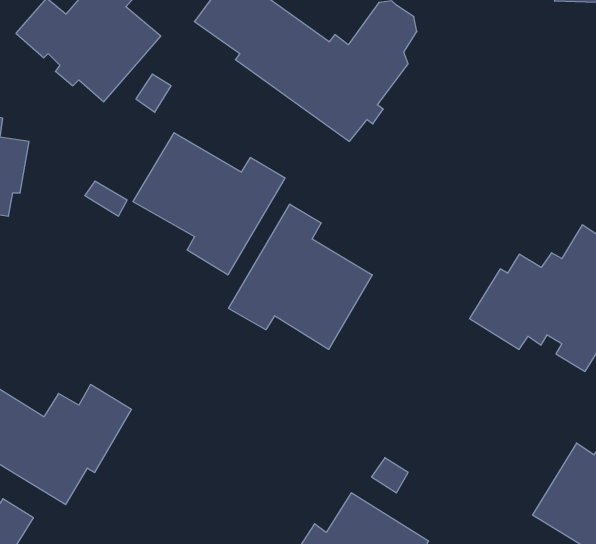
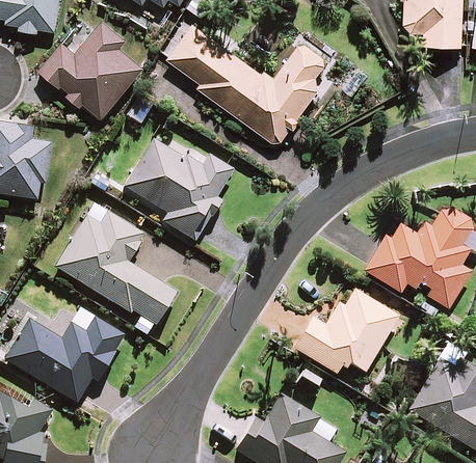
building: [228,204,372,349] -> none
building: none -> [55,206,177,341]
building: none -> [293,290,397,375]

